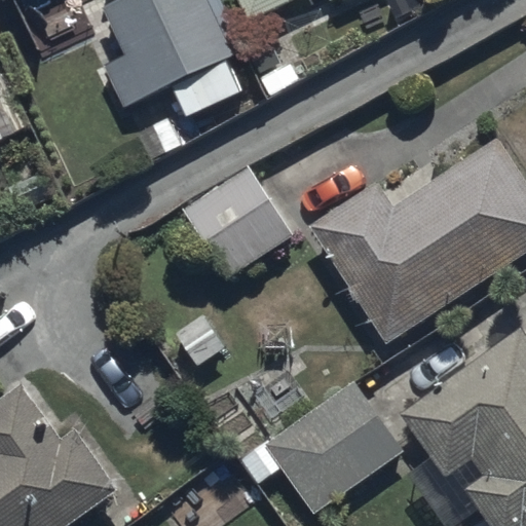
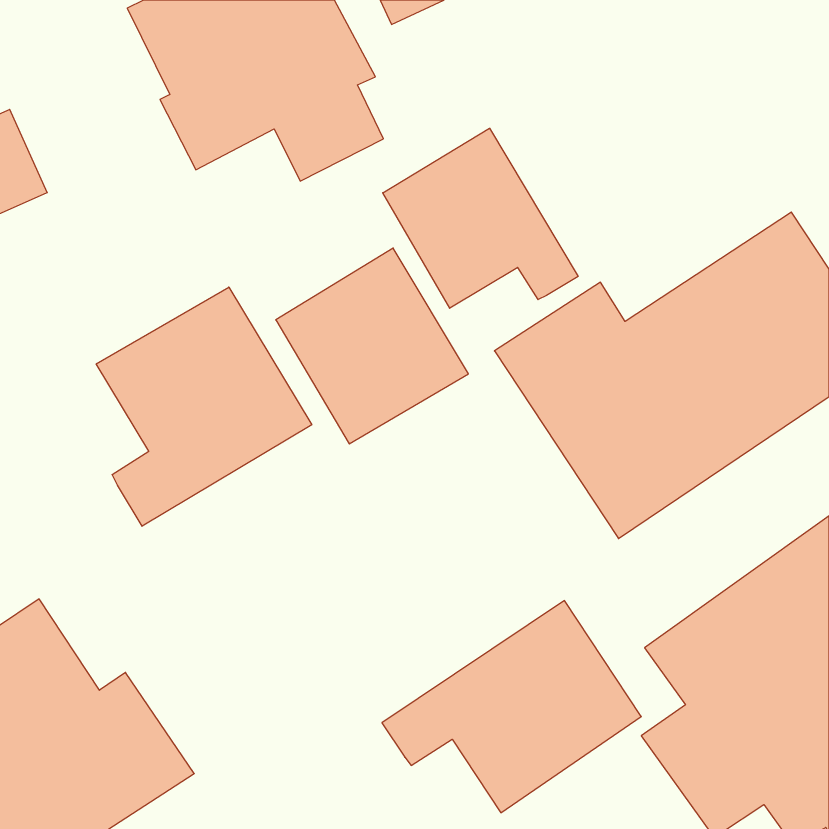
building: none -> [383,128,578,308]
building: none -> [96,287,312,526]

